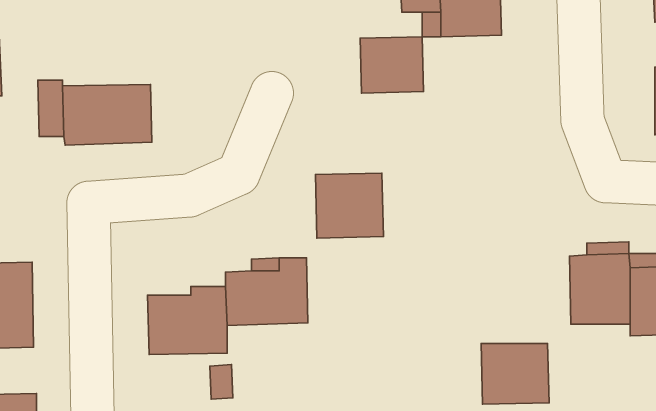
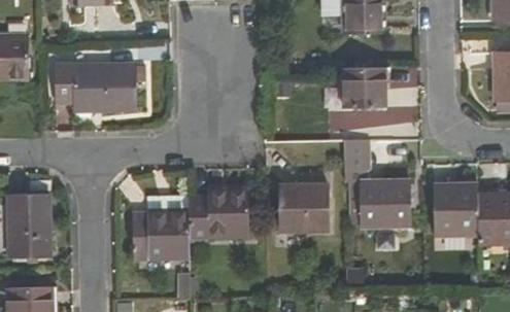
building: [360,37,424,93] -> [341,66,386,106]
building: [315,173,383,238] -> [279,184,328,231]
building: [481,344,549,404] -> [360,182,408,226]

